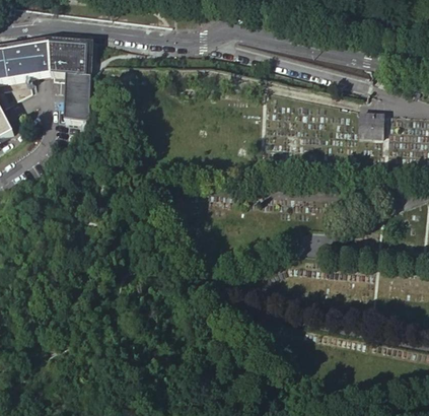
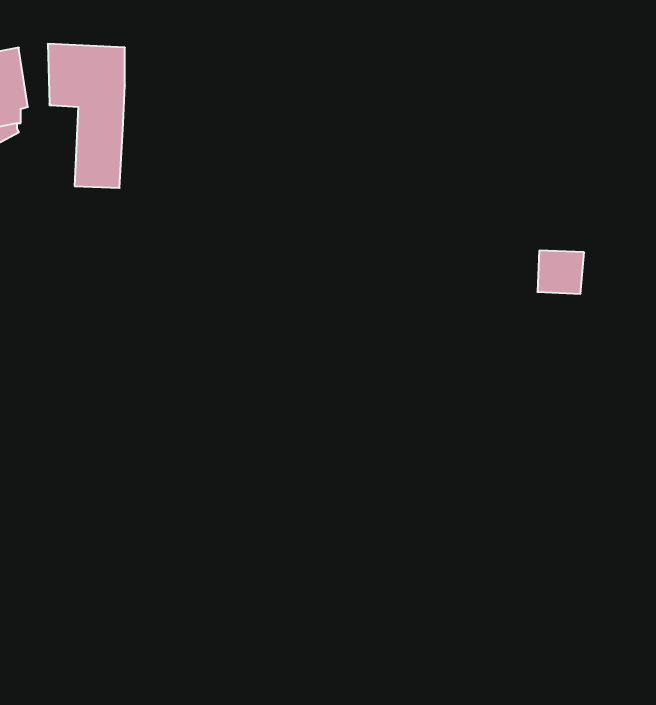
building: [31,39,49,74] -> none
building: [357,114,383,138] -> [537,251,584,294]

